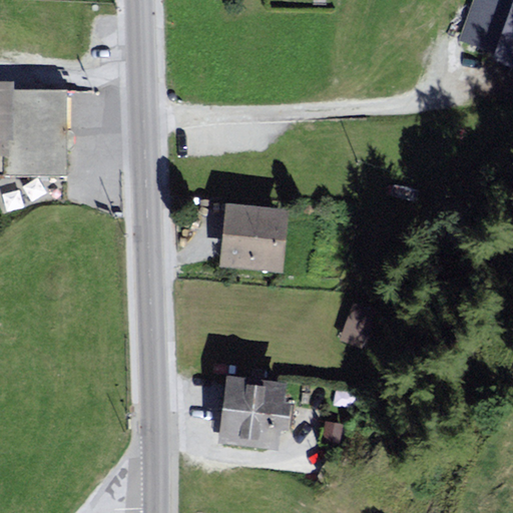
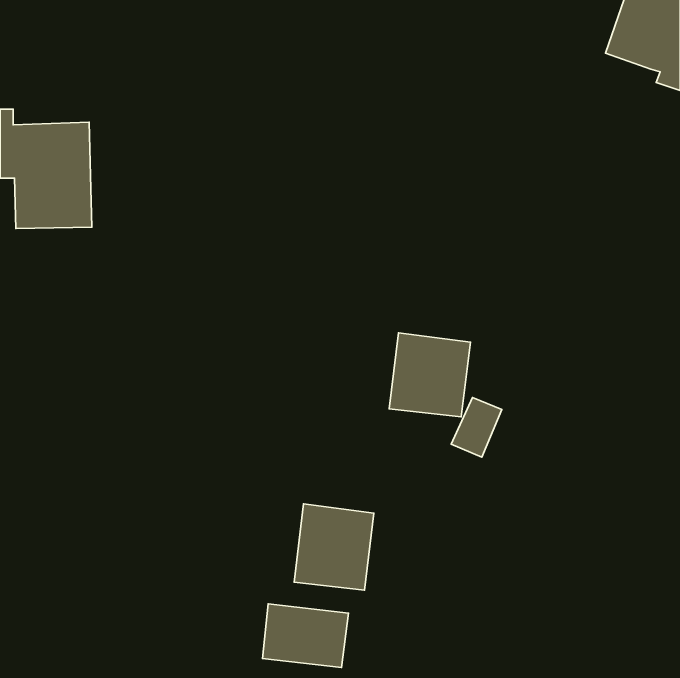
building: [222,205,284,269] -> [389,333,470,417]
building: none -> [263,604,348,668]

